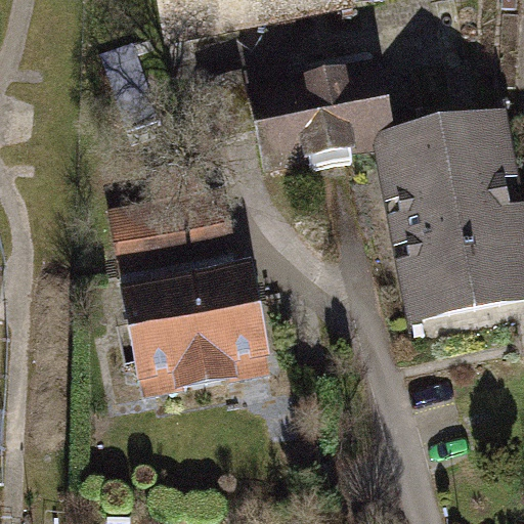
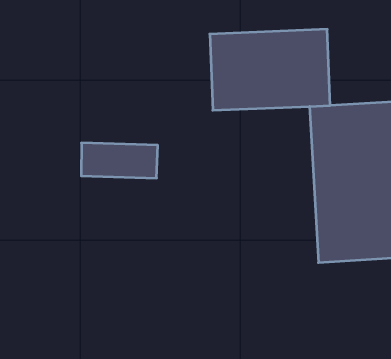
building: [126,262,265,387] -> none

